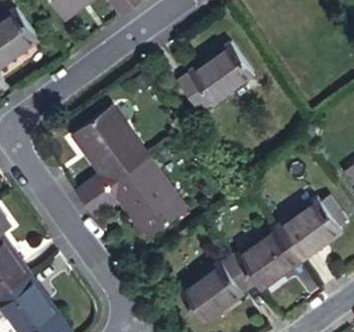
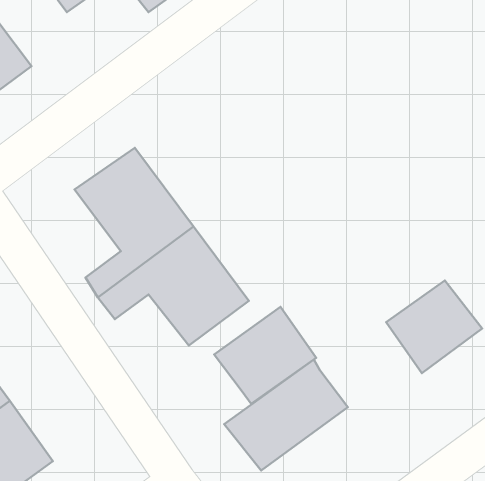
building: [183,42,259,112] -> none
building: [232,222,299,286] -> [214,307,316,404]

